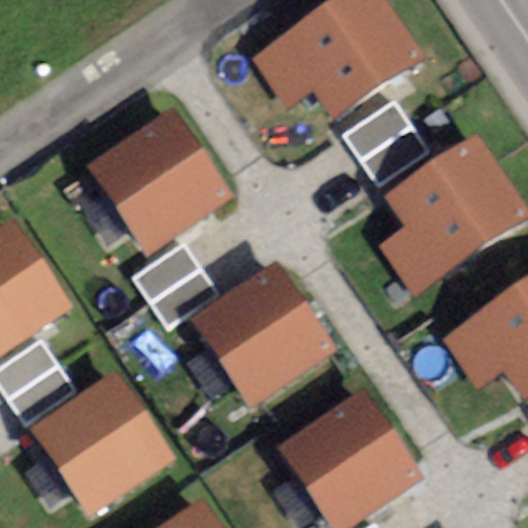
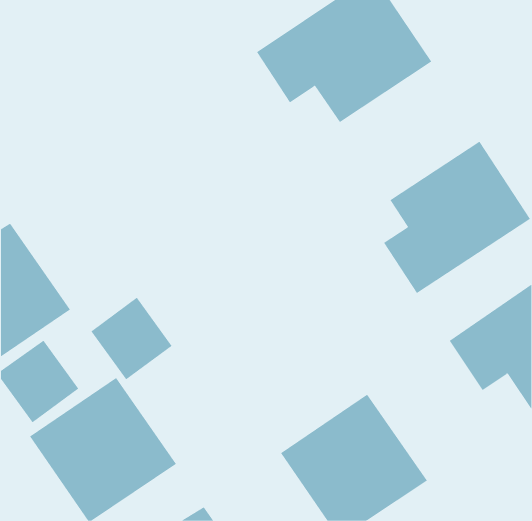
building: [344,96,426,178] -> none
building: [85,110,231,256] -> none
building: [135,239,217,322] -> [90,297,173,380]
building: [189,261,335,406] -> none

